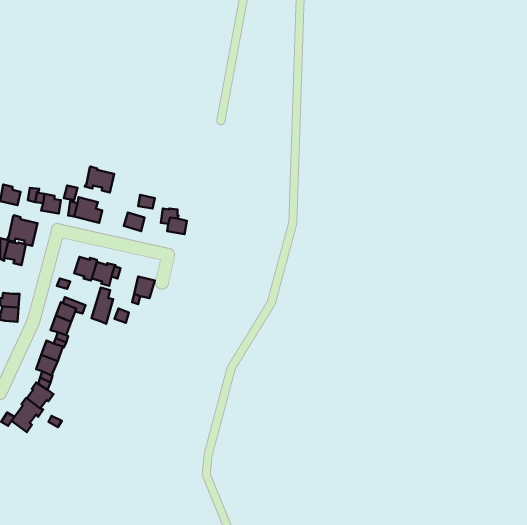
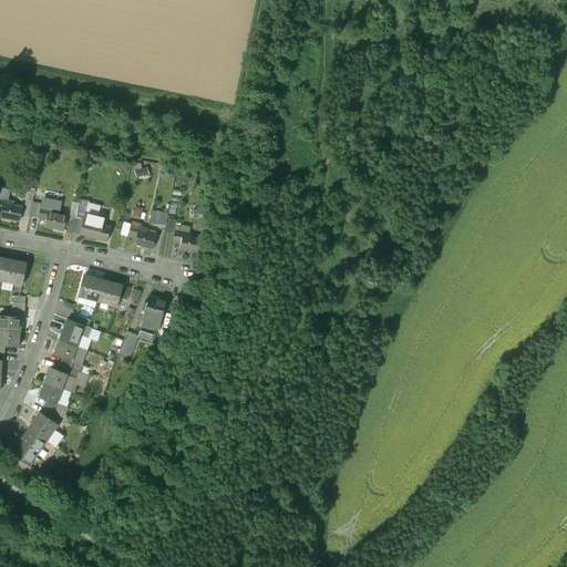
building: [85,166,114,193] -> none
building: [7,215,38,246] -> none
building: [92,287,113,324] -> none

